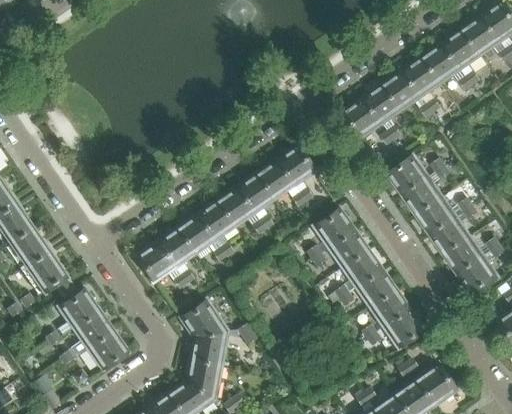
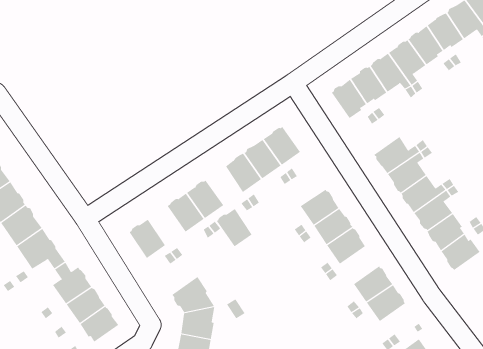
building: [216,187,254,227] -> [216,208,253,247]
building: [157,228,195,268] -> none
building: [354,269,395,308] -> none

